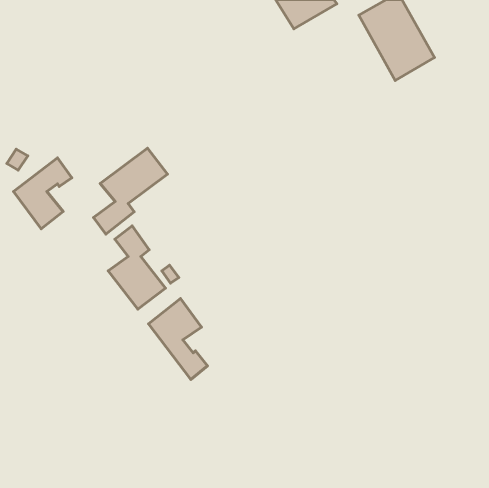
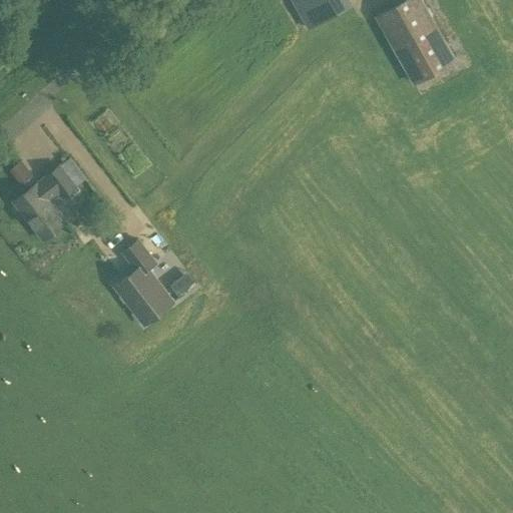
building: [94,148,168,234] -> none
building: [148,299,207,380] -> none

